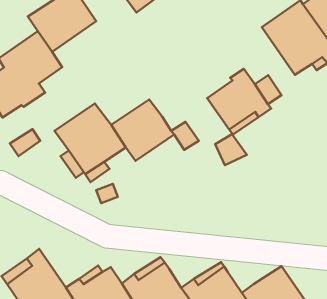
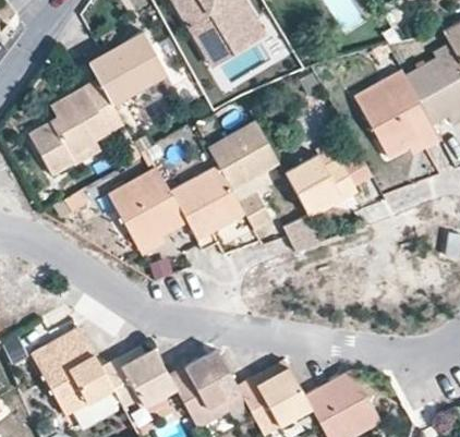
building: none -> [208,121,280,189]

